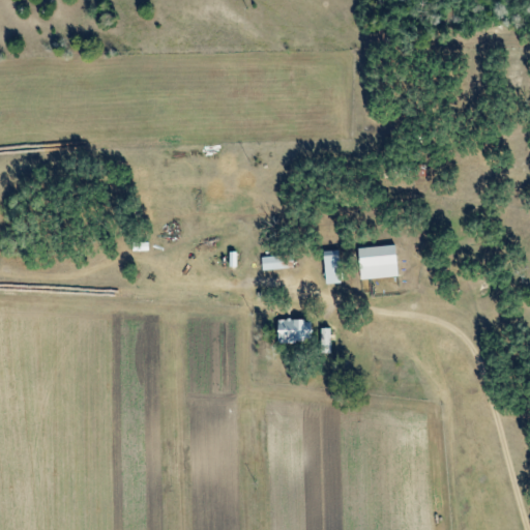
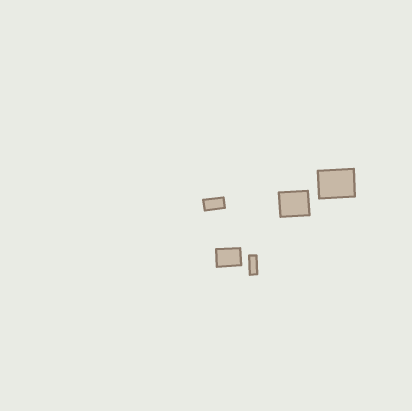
building: none -> [318,169,355,198]
building: [324,249,342,284] -> none

